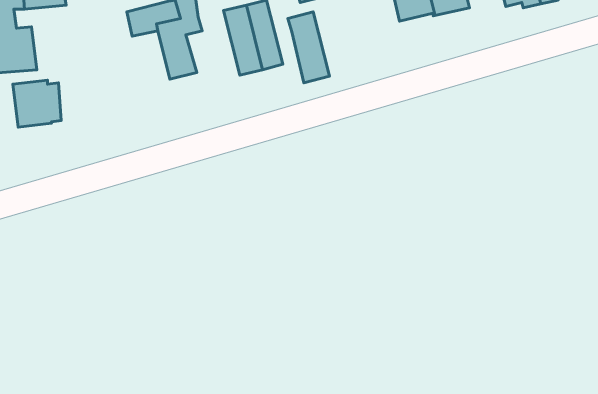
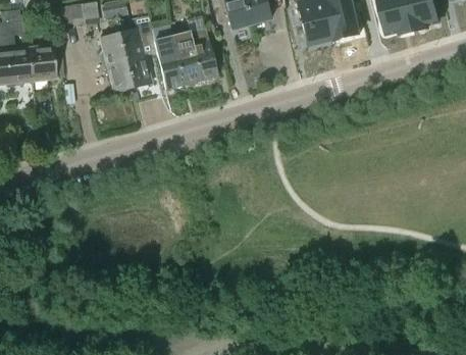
building: [288,12,329,83] -> [153,36,185,90]
building: none -> [103,51,132,92]
building: [13,80,61,127] -> [27,45,63,81]

